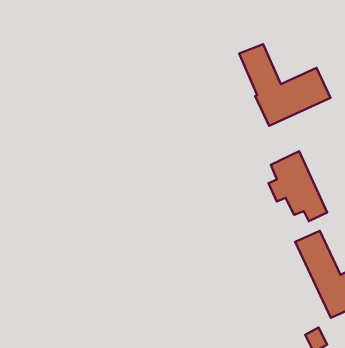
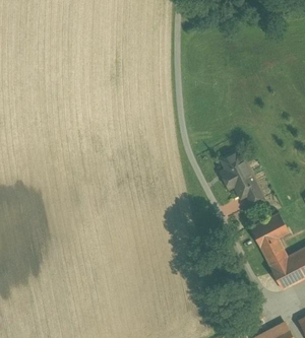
building: [239,44,330,126] -> none

